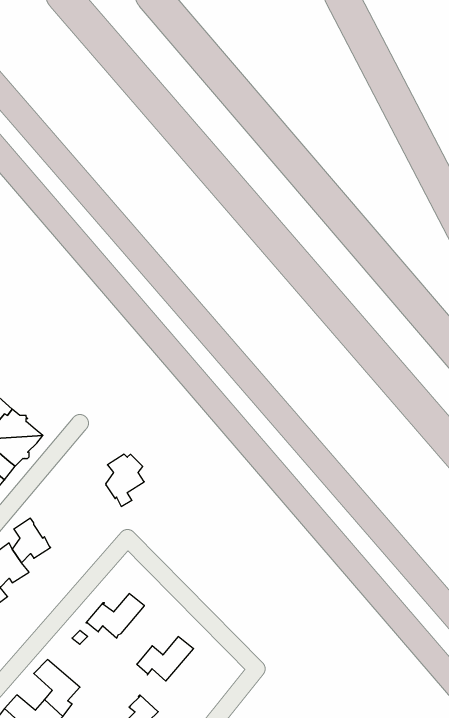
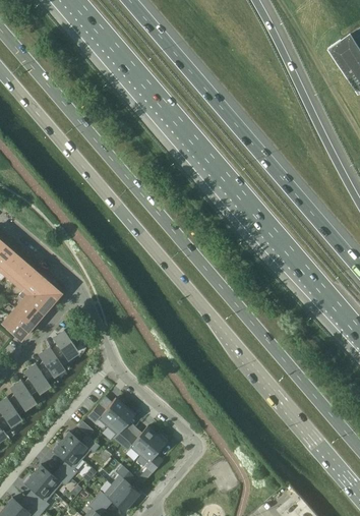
building: [106,454,144,506] -> [52,332,77,366]
building: none -> [107,406,134,445]
building: none -> [61,432,99,460]
building: none -> [139,435,167,473]

